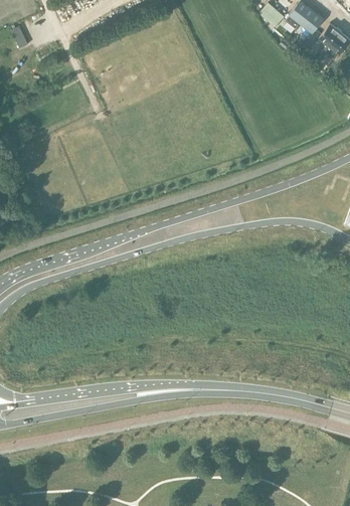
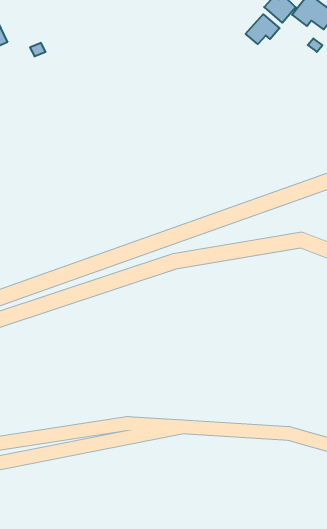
building: none -> [246,14,280,44]

